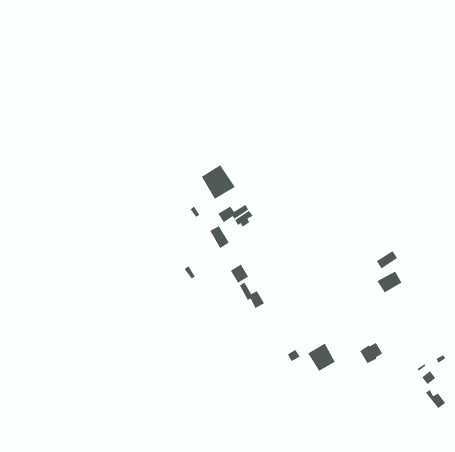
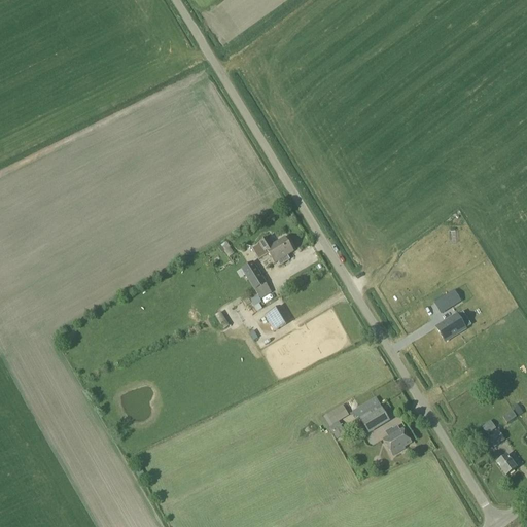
building: [201,164,236,200] -> none
building: [239,282,265,309] -> none
building: [359,342,383,364] -> [383,427,411,453]

